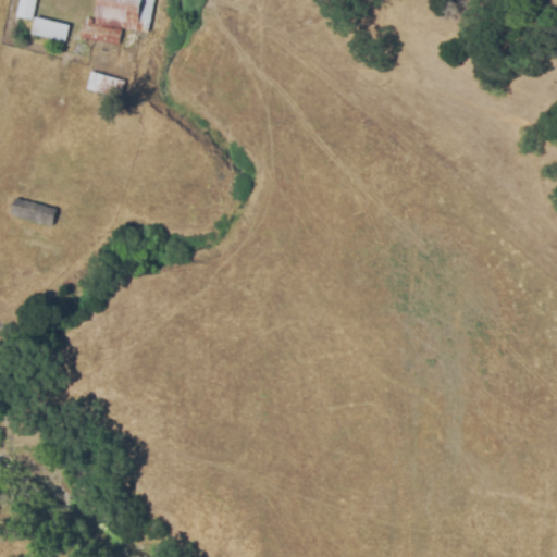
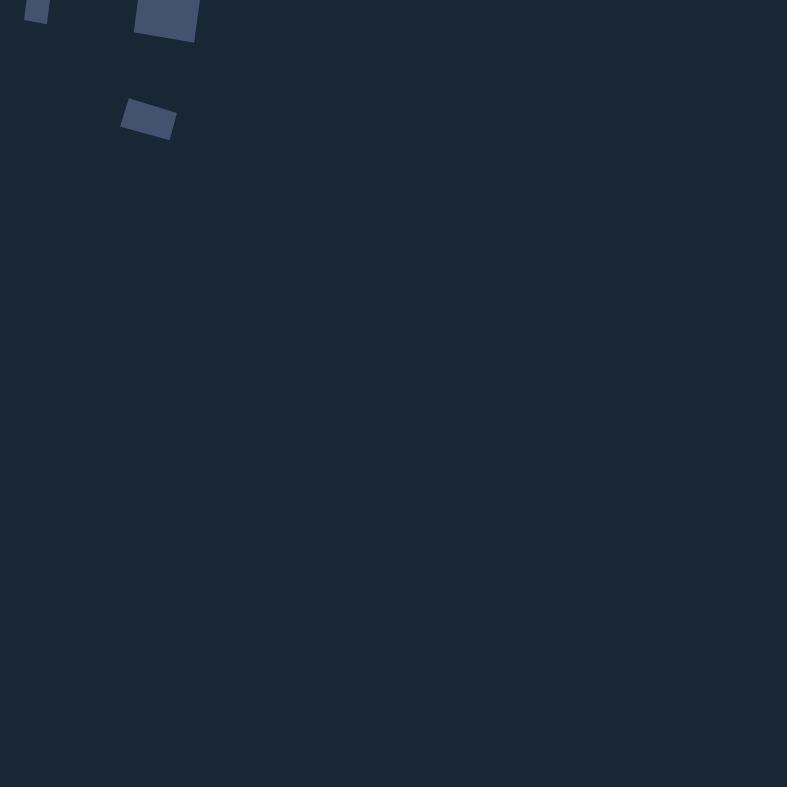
building: [29,16,67,41] -> none
building: [11,198,55,224] -> none

